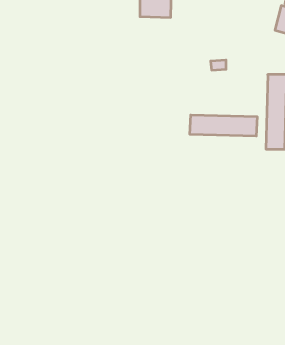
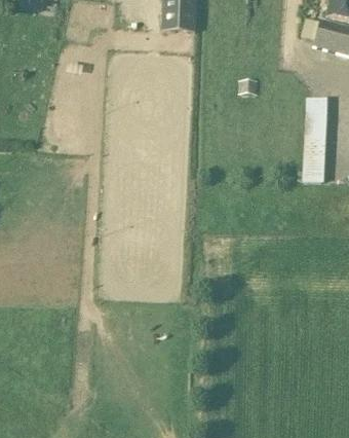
building: [190,115,257,136] -> none

